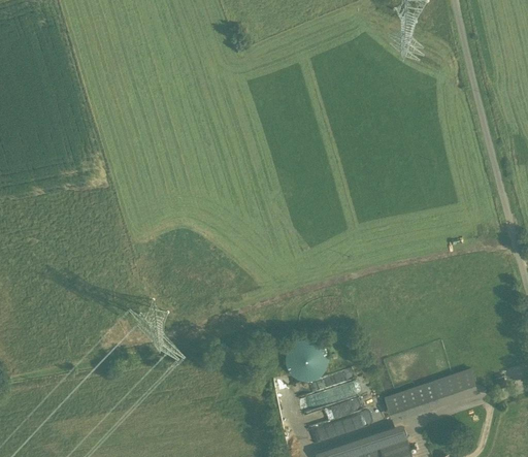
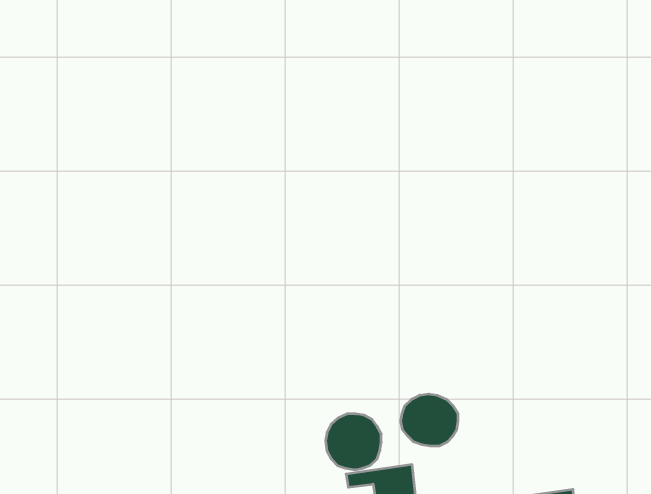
building: none -> [401,394,458,446]

